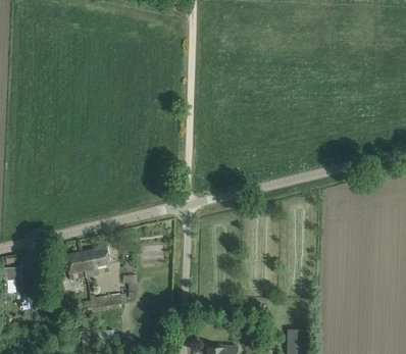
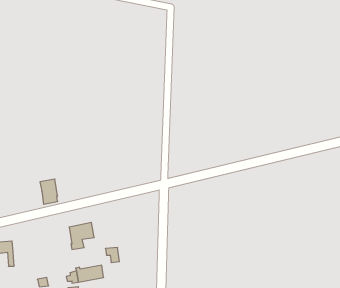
building: [65,251,85,279] -> [40,179,58,204]

